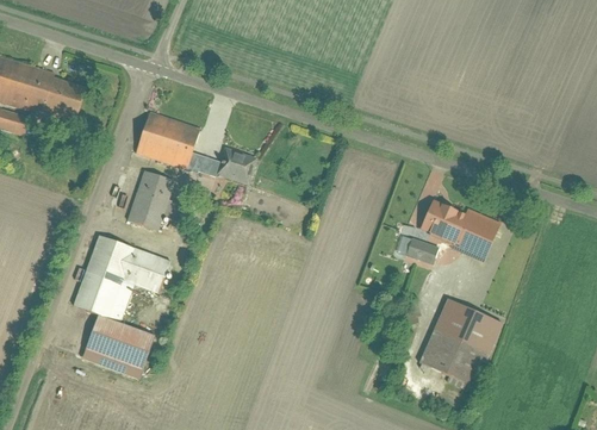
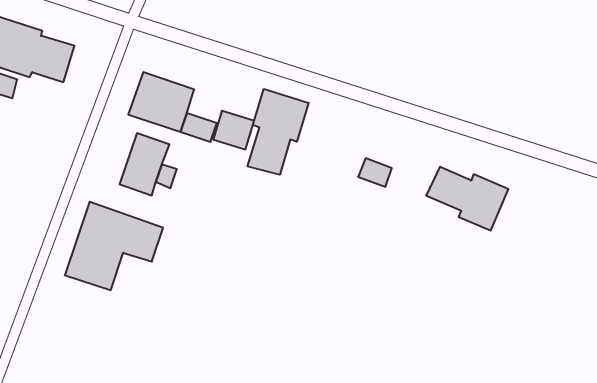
building: none -> [248,89,309,175]
building: [404,237,436,264] -> [358,158,392,187]
building: [419,299,500,391] -> none
building: [81,314,156,378] -> none

